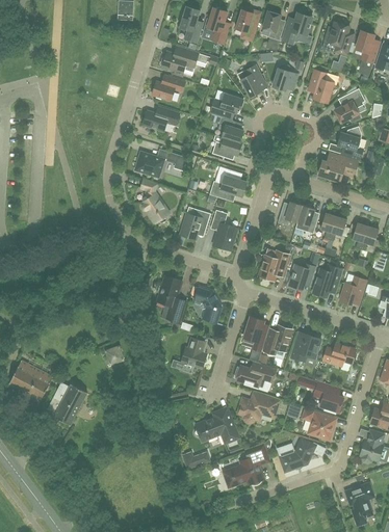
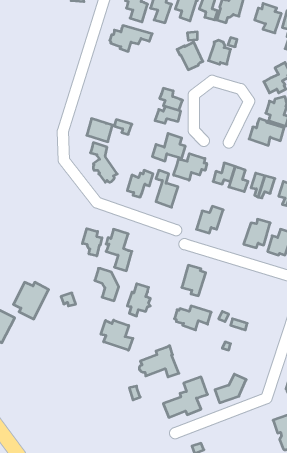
building: [307,69,332,102] -> none
building: [151,73,184,100] -> none
building: [209,94,242,119] -> none
building: [141,105,178,130] -> none
building: none -> [174,154,207,180]
building: [287,262,315,289] -> none
building: none -> [82,229,102,256]
building: [193,286,221,322] -> [95,268,119,301]
building: [262,324,291,354] -> none
building: [290,330,320,362] -> none
building: [322,343,356,366] -> none
building: none -> [101,320,133,350]
building: [313,381,342,414] -> none
building: [47,382,86,424] -> [13,282,49,319]
building: [236,392,278,423] -> none
building: [302,409,335,437] -> none

